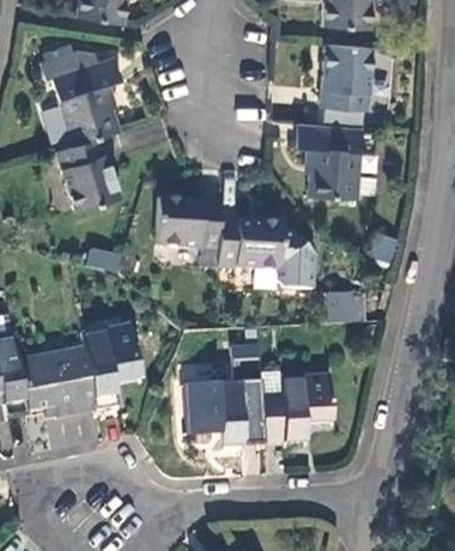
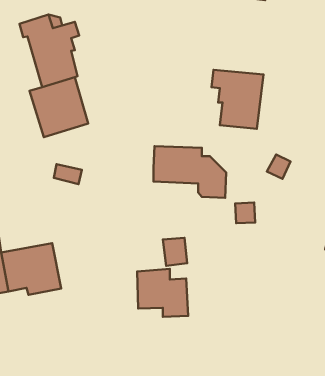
building: [317,40,372,109] -> none
building: [156,199,222,266] -> none
building: [83,327,141,407] -> none
building: [262,375,333,443] -> none

